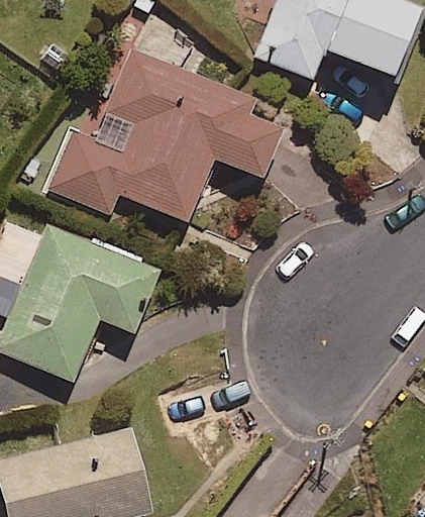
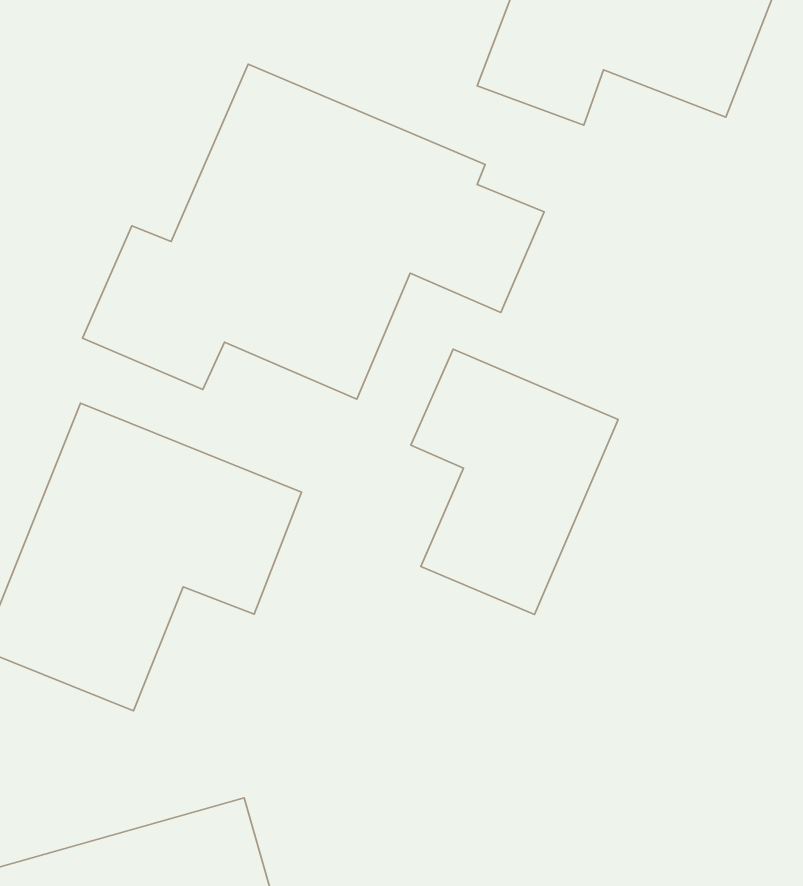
building: none -> [411,349,618,615]

